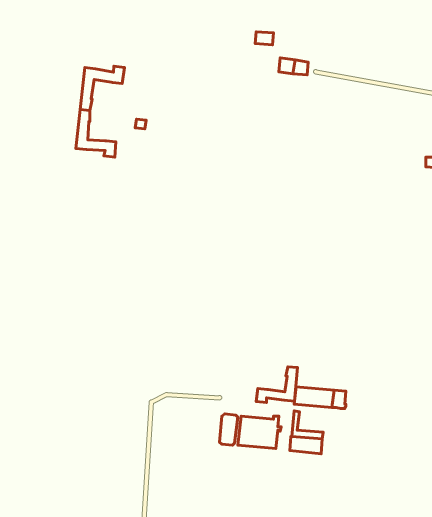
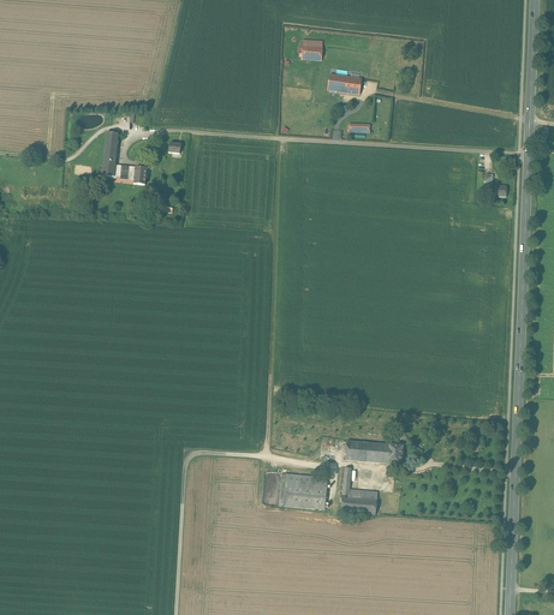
building: [80,66,124,111] -> none
building: [256,367,297,403] -> none

